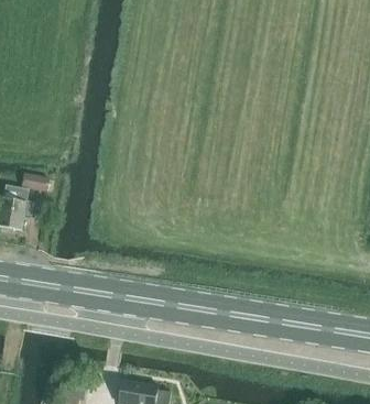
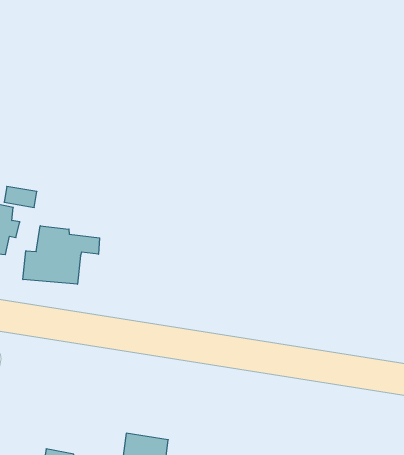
building: none -> [23,226,100,284]

